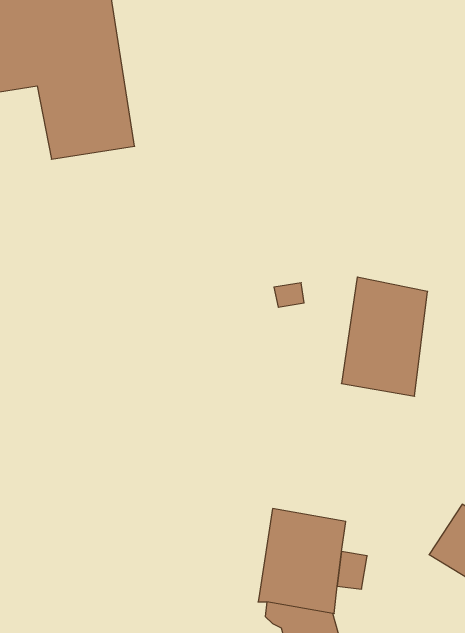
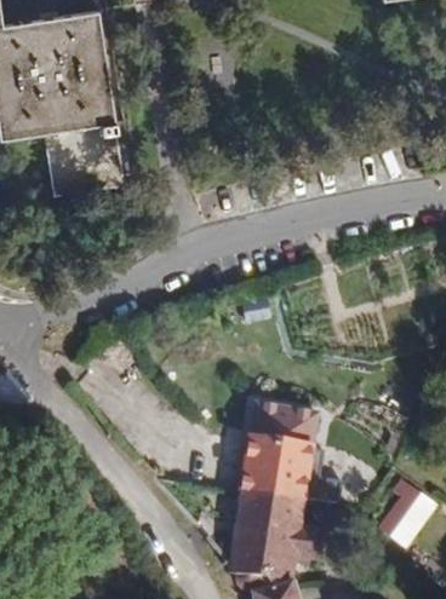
building: [341,277,428,396] -> [242,401,315,501]

